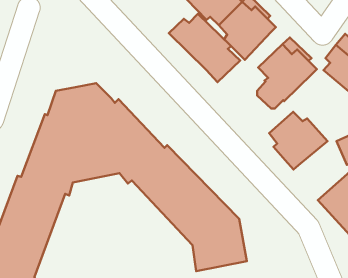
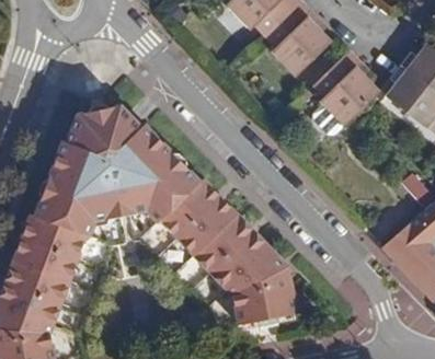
building: [169,14,240,82] -> none
building: [269,112,327,170] -> none

